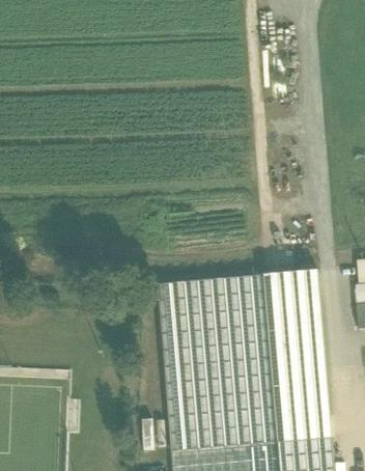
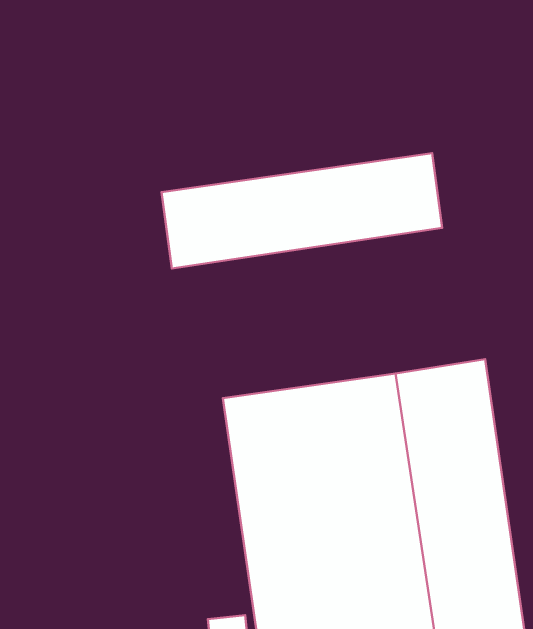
building: none -> [161,153,442,268]

